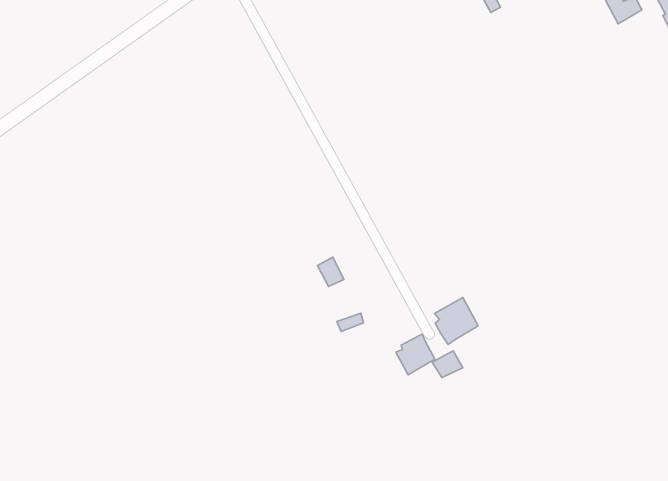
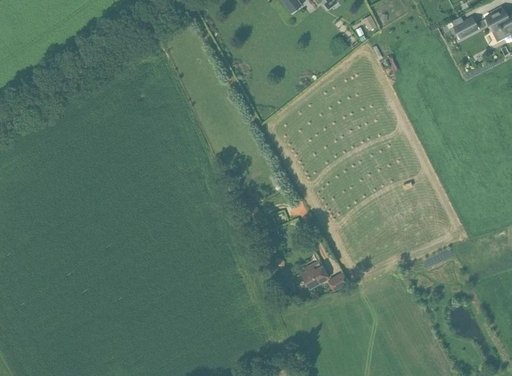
building: [435,298,478,345] -> none

